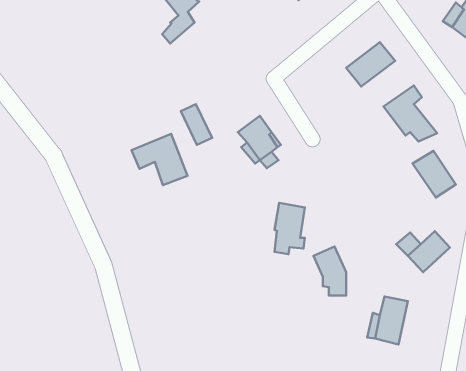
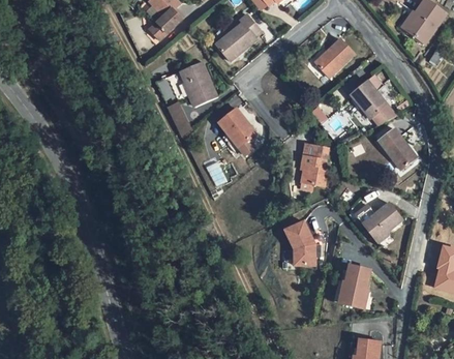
building: none -> [217,9,264,56]
building: [132,134,187,185] -> [165,59,215,104]
building: [275,203,305,254] -> [299,146,326,191]

